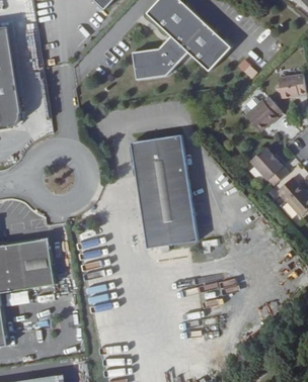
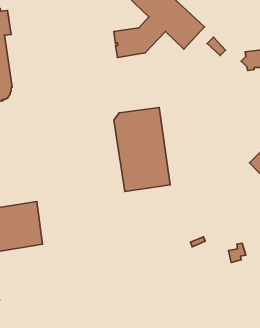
building: [244,97,281,131] -> none
building: [251,147,288,184] -> none
building: [144,219,196,242] -> none

